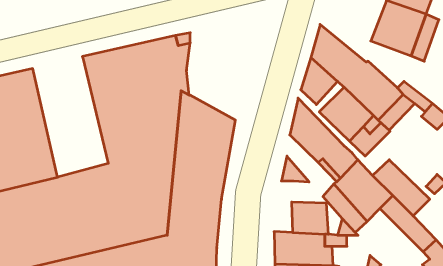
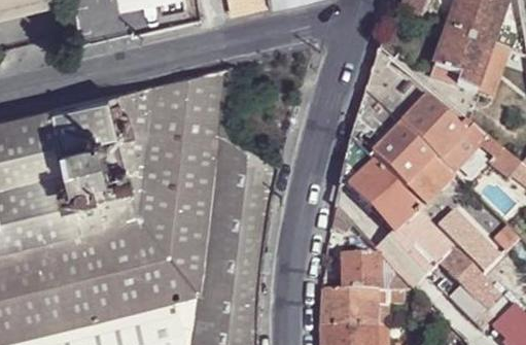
building: none -> [51,96,136,231]

